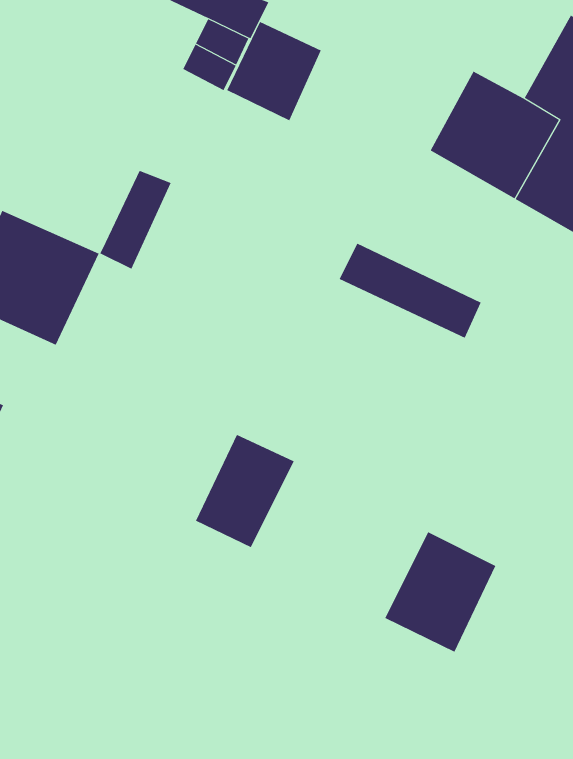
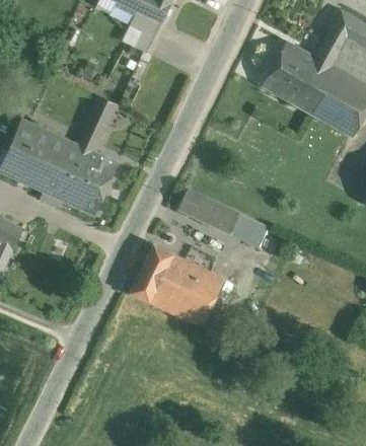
building: [227,21,321,121] -> none
building: [339,243,482,339] -> [178,190,259,243]
building: none -> [53,144,118,215]
building: [384,532,496,653] -> [162,261,225,328]

